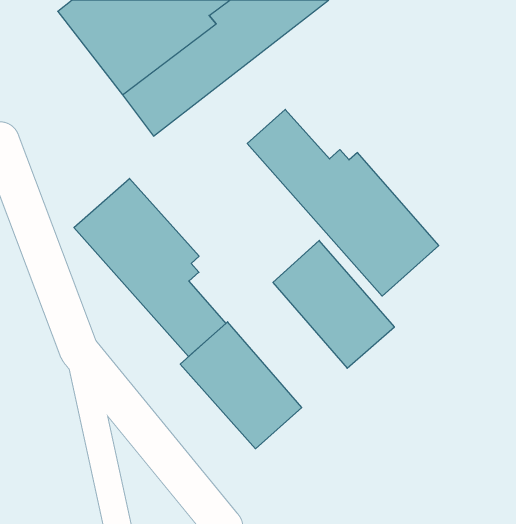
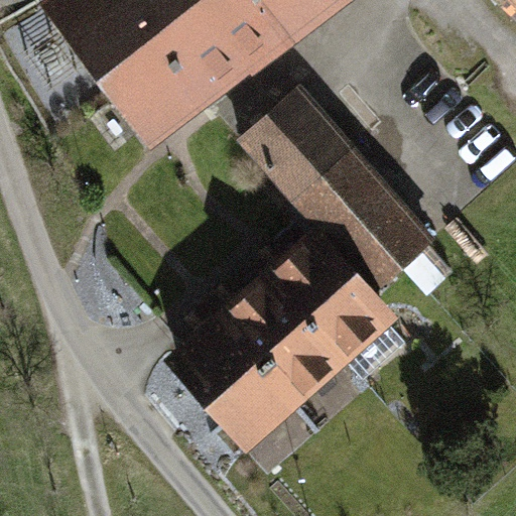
building: [74,178,226,357] -> none
building: none -> [233,279,350,401]

